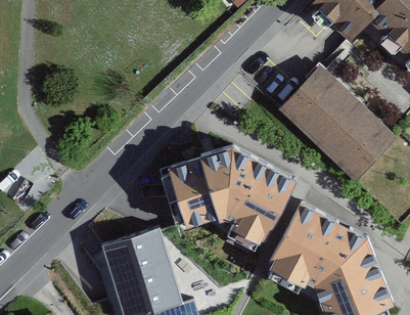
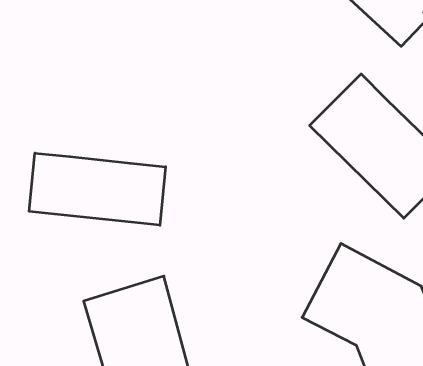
building: none -> [29,153,166,225]
building: [166,147,294,240] -> none

